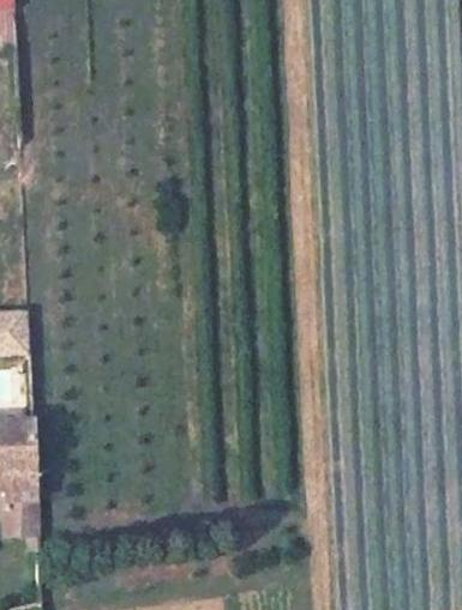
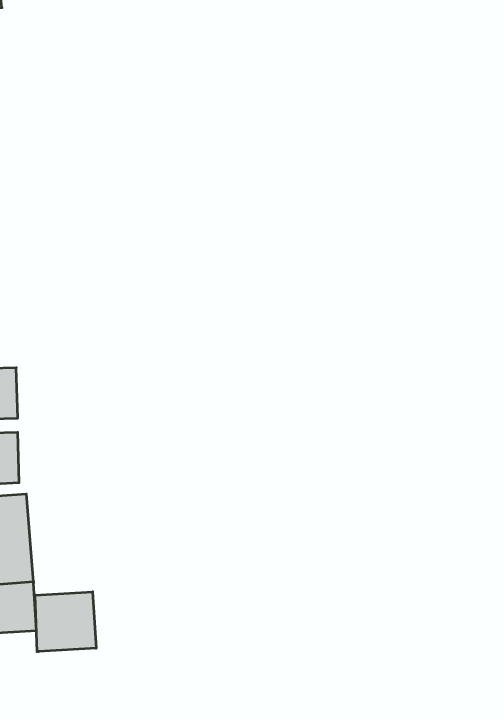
building: none -> [35,592,96,652]

